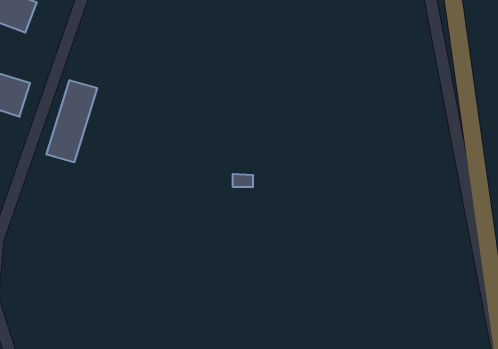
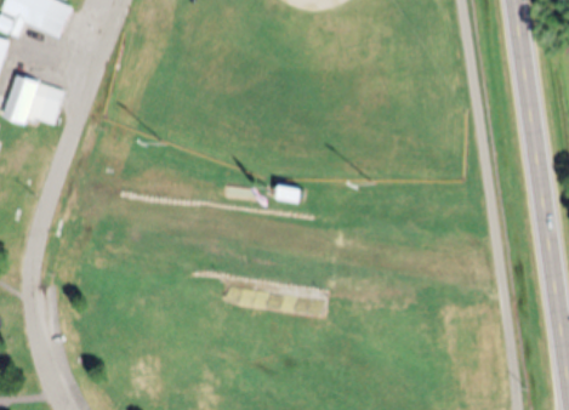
building: [46,80,97,162] -> none

